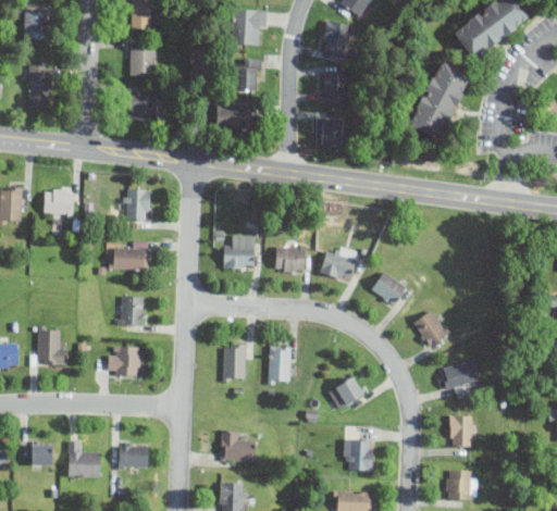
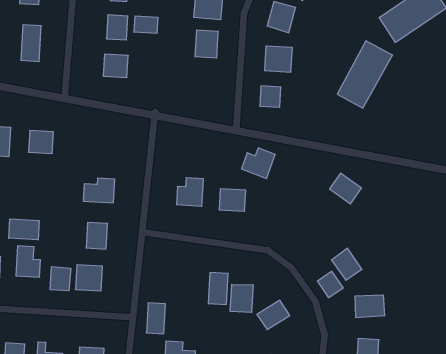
building: none -> [134,16,158,33]
building: [215,102,256,129] -> none
building: [122,190,149,221] -> none
building: [320,247,359,283] -> [242,148,275,179]
building: [370,271,408,307] -> [330,173,362,204]
building: none -> [9,219,39,240]
building: none -> [317,271,343,298]
building: [224,345,245,381] -> [146,303,165,334]
building: none -> [50,267,71,291]
building: none -> [230,284,253,313]

